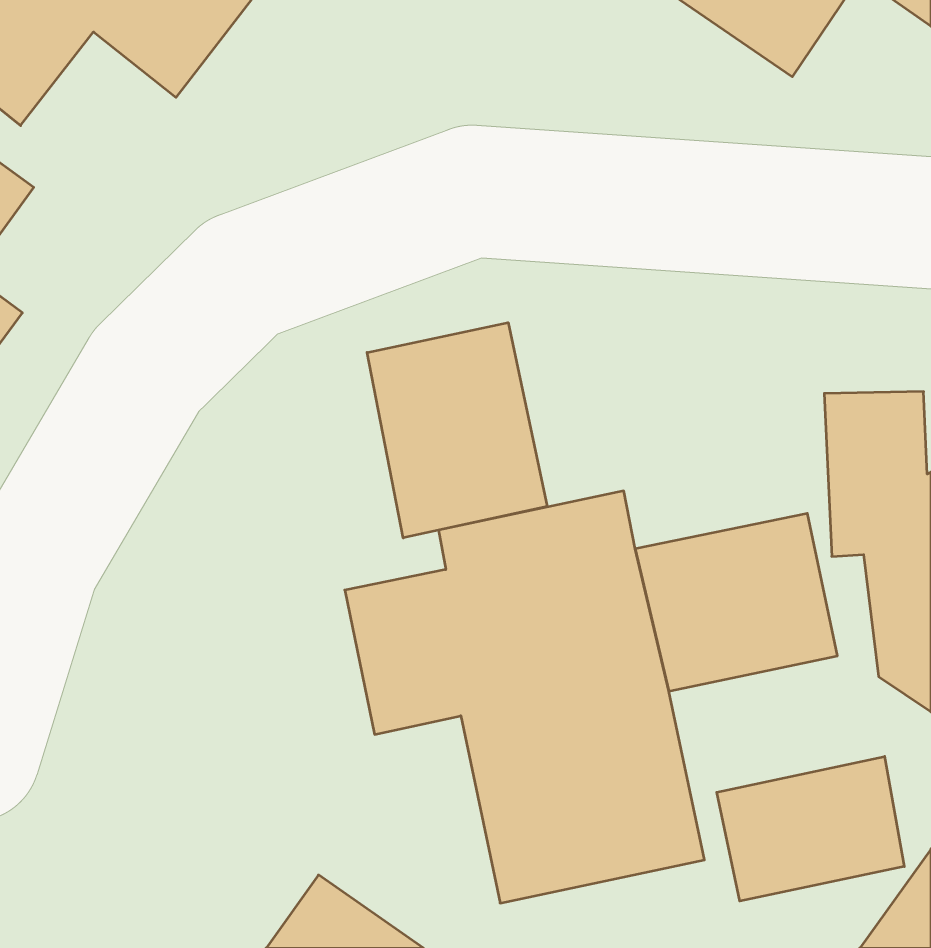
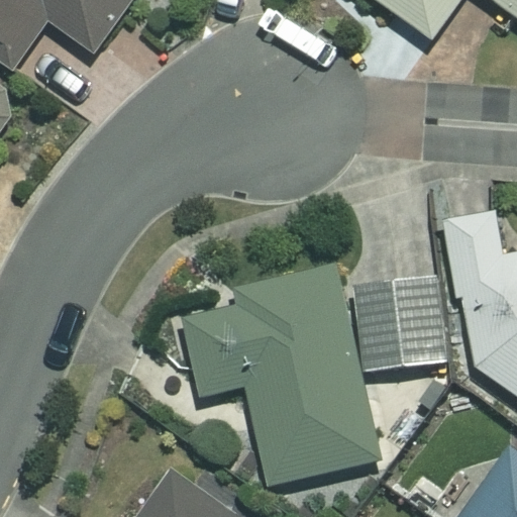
building: [367,323,547,538] -> none
building: [717,756,904,901] -> none

